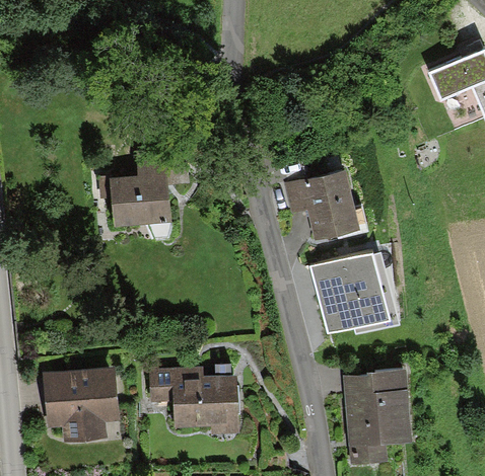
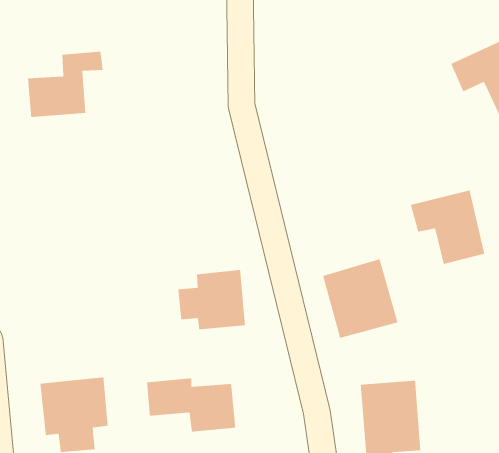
building: [110,157,182,220] -> [27,51,103,118]
building: [290,170,361,241] -> [410,189,485,265]
building: none -> [177,269,246,330]

